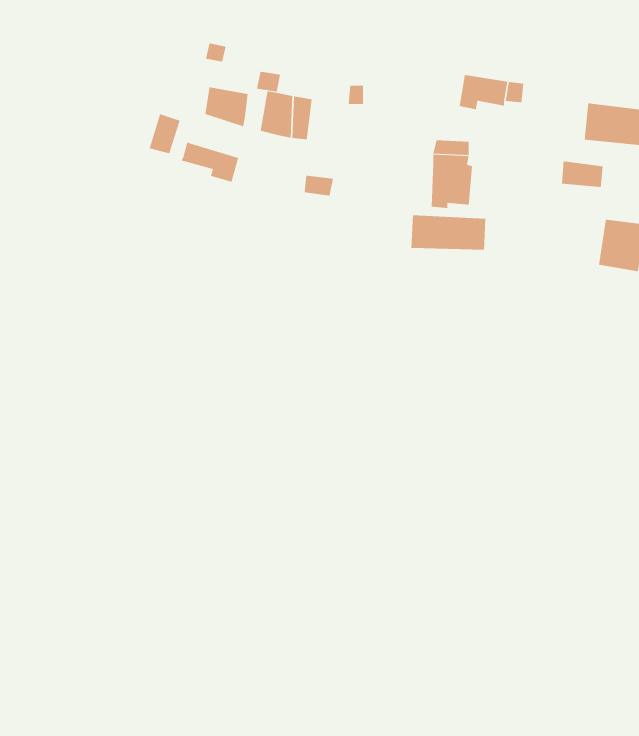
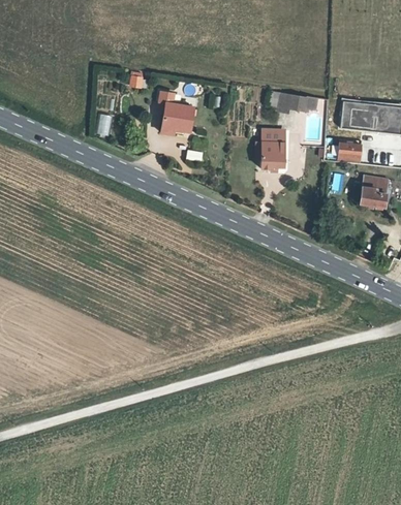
building: [205,87,248,127] -> none
building: [181,142,239,182] -> none
building: [411,215,486,251] -> none

